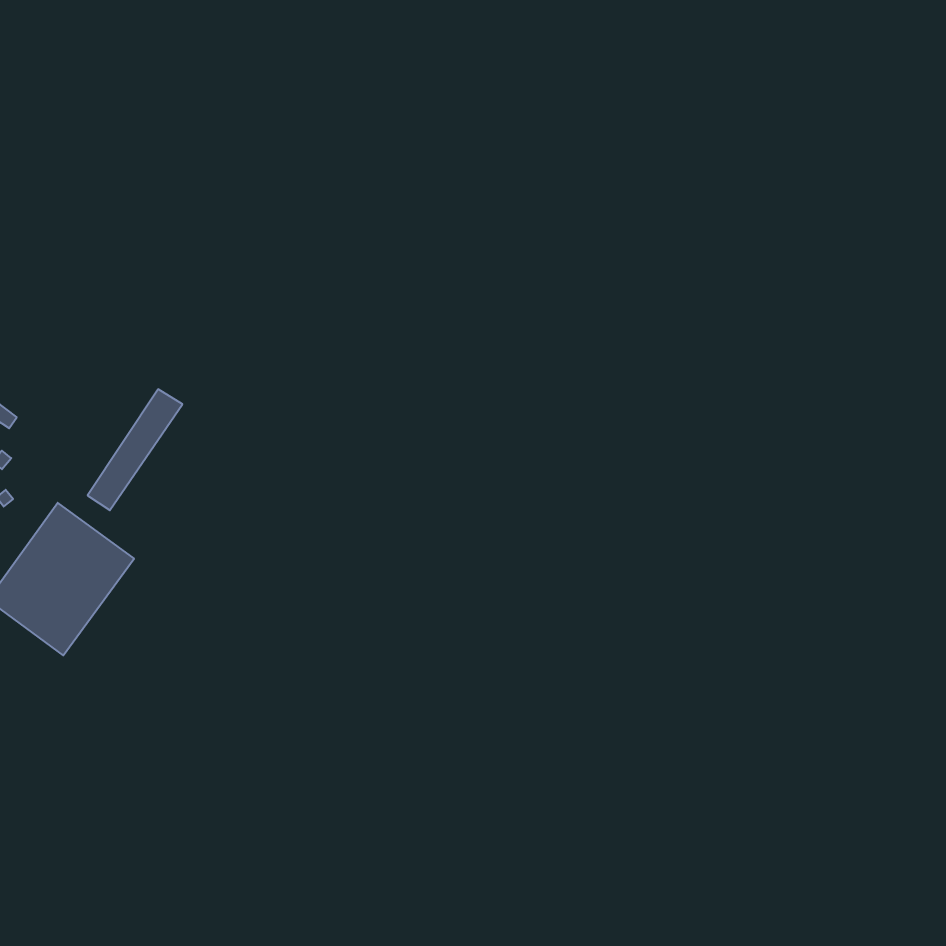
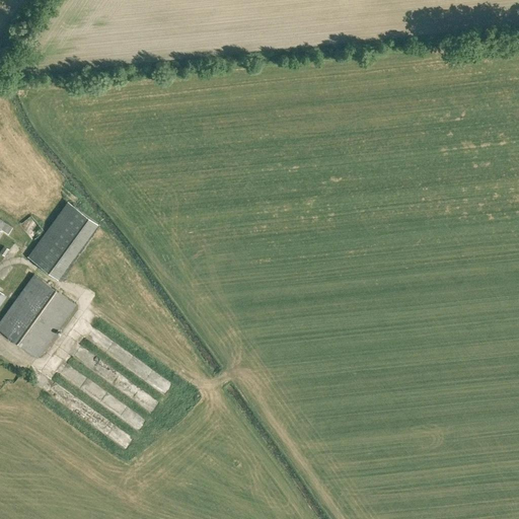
building: none -> [29,202,85,272]

